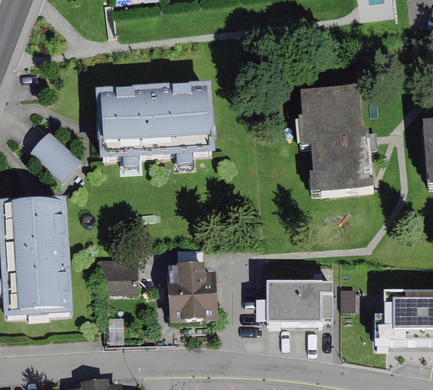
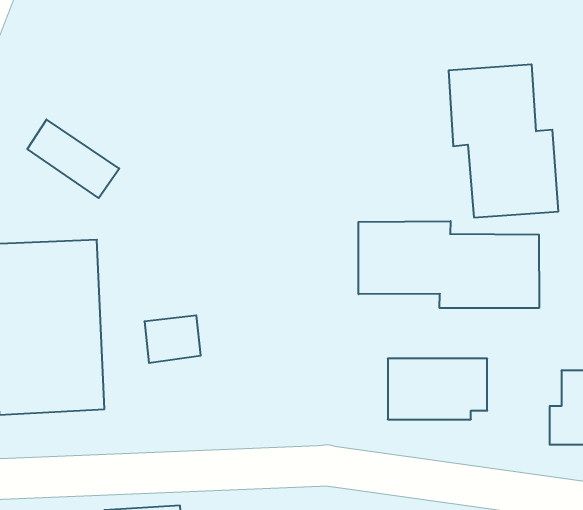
building: [97,83,217,150] -> none
building: none -> [358,221,539,308]
building: [164,261,218,320] -> none

